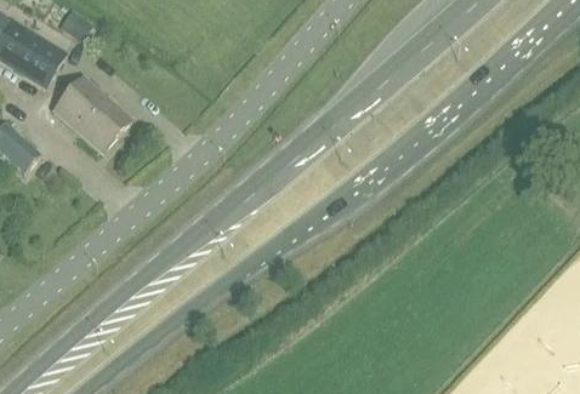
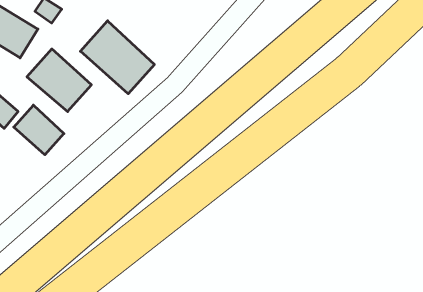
building: none -> [80,21,154,94]
building: none -> [14,105,64,155]

